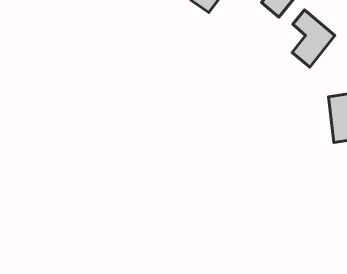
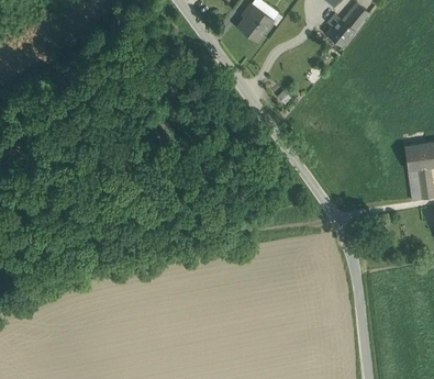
building: [292,10,335,67] -> none

